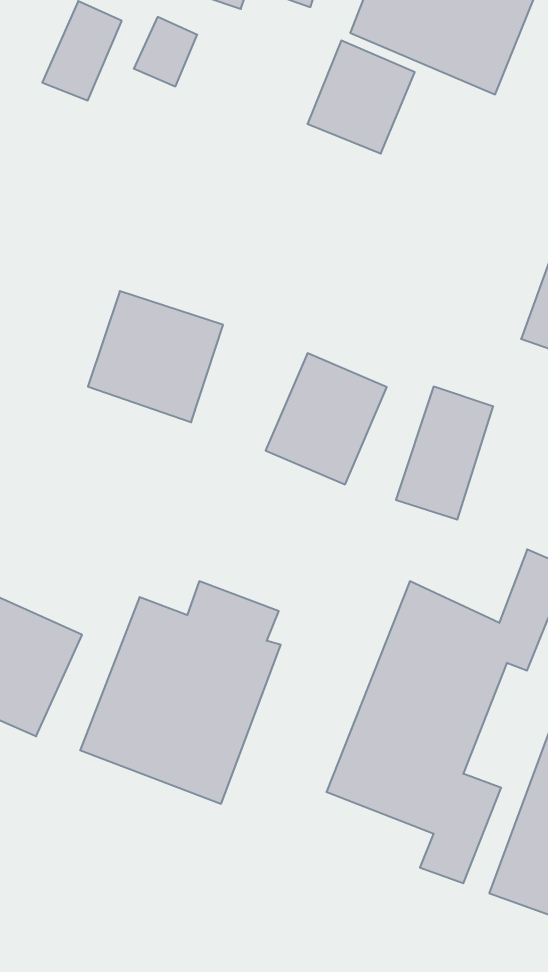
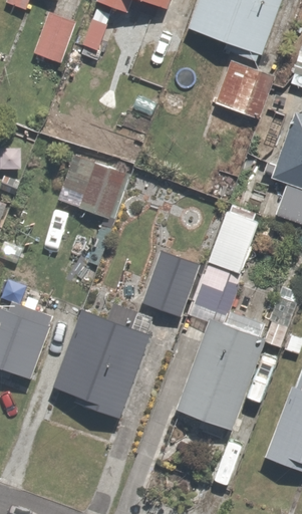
building: [307,40,415,154] -> [215,61,269,118]
building: [266,353,387,484] -> [138,251,200,317]

